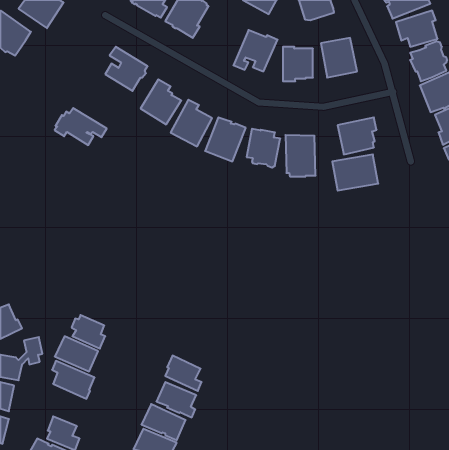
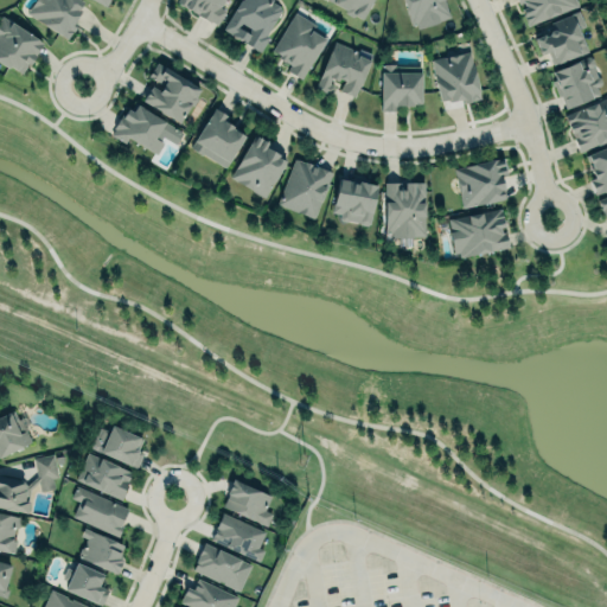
building: none -> [275,13,330,79]
building: [55,108,107,145] -> [114,106,184,155]
building: none -> [81,528,126,575]

